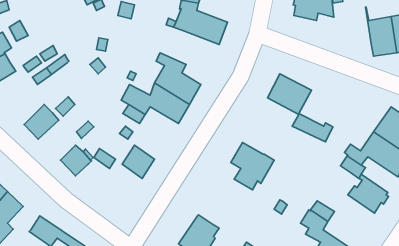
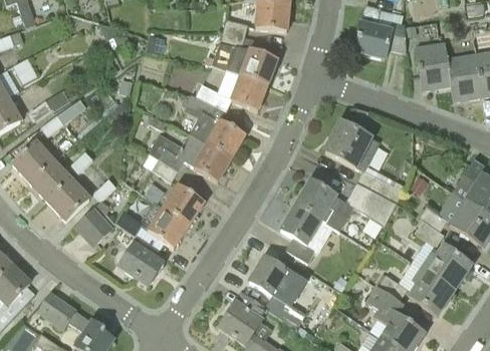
building: none -> [415,41,451,89]
building: none -> [196,70,267,110]
building: none -> [13,140,55,183]
building: none -> [48,178,91,220]
building: none -> [295,180,396,225]
building: none -> [165,185,205,225]
building: none -> [118,243,164,285]
building: none -> [250,257,292,317]
building: none -> [410,268,455,315]

